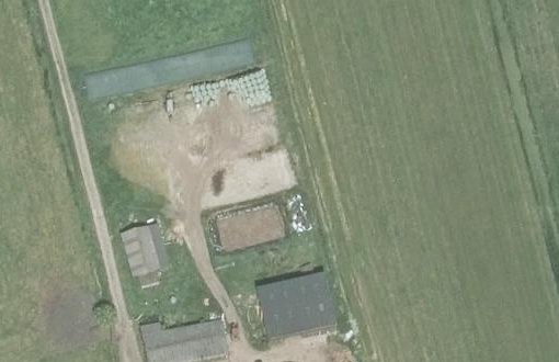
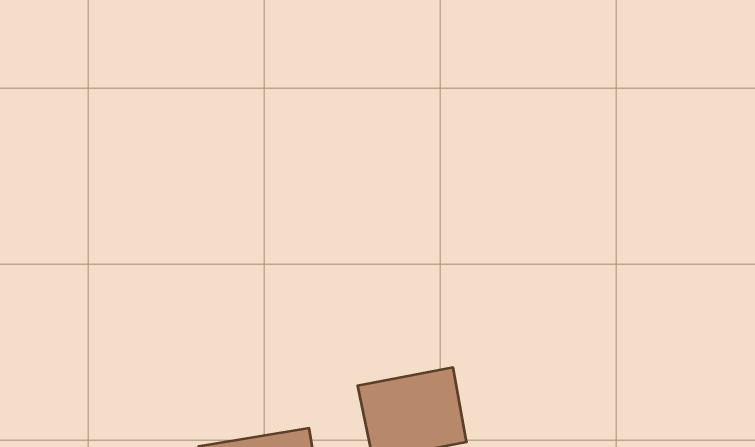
building: [119,222,159,272] -> none

